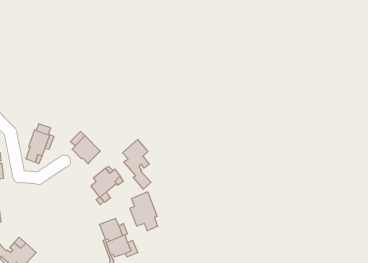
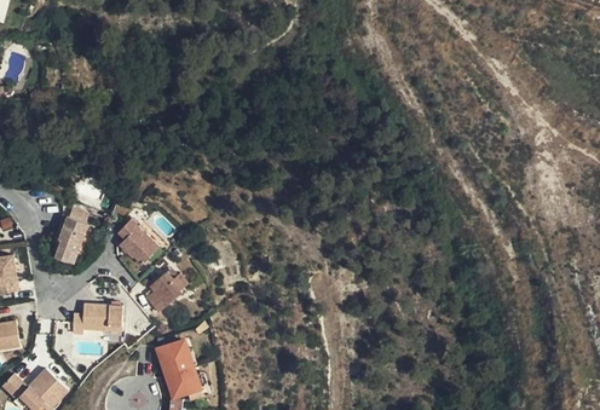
building: [123,140,151,189] -> none
building: none -> [71,302,121,333]
building: [130,192,158,231] -> none

